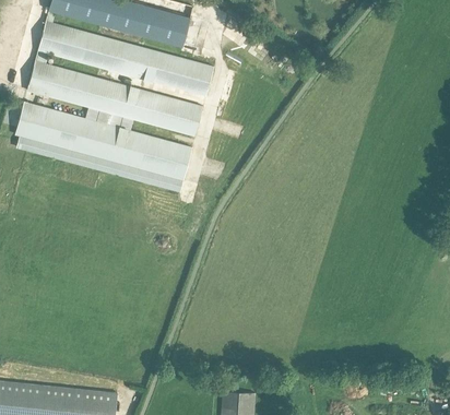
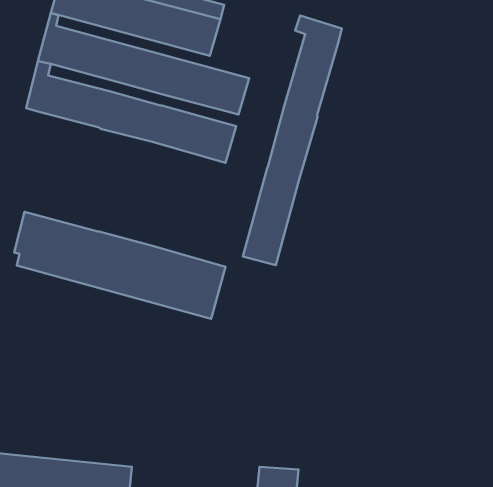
building: none -> [243,16,342,265]
building: [16,103,193,192] -> [14,212,226,319]

